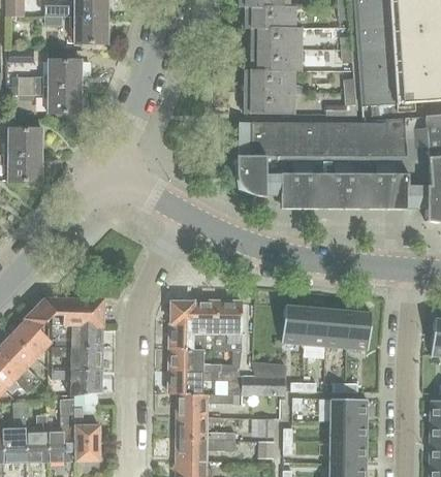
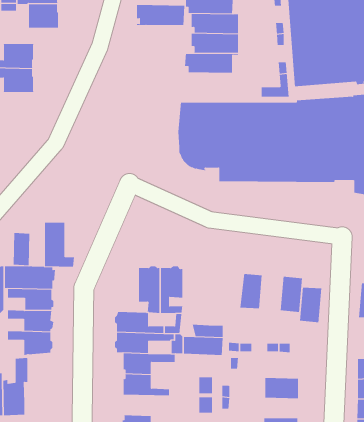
building: [243,91,295,114] -> [136,4,185,25]
building: none -> [13,232,30,266]
building: [170,301,203,350] -> [44,222,75,267]
building: [281,306,307,345] -> none
building: [324,310,349,348] -> [299,287,322,323]
building: [74,393,101,460] -> none
building: [329,399,367,421] -> none
building: [176,439,235,462] -> none
building: [328,442,367,464] -> none

